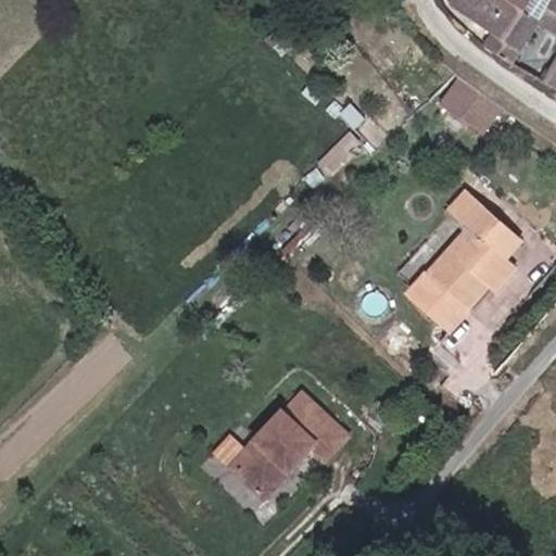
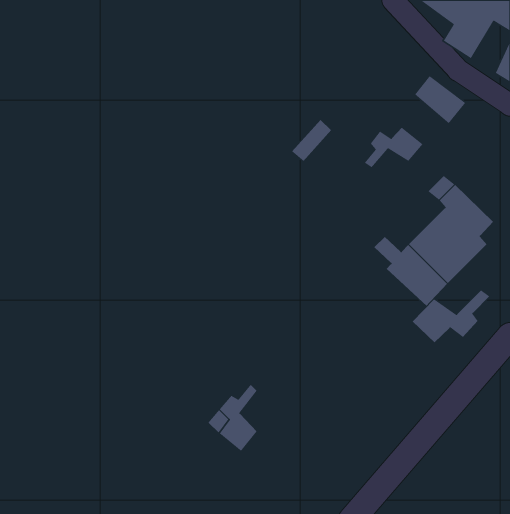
building: none -> [364,127,423,168]
building: none -> [412,290,490,343]
building: [256,383,343,467] -> none

